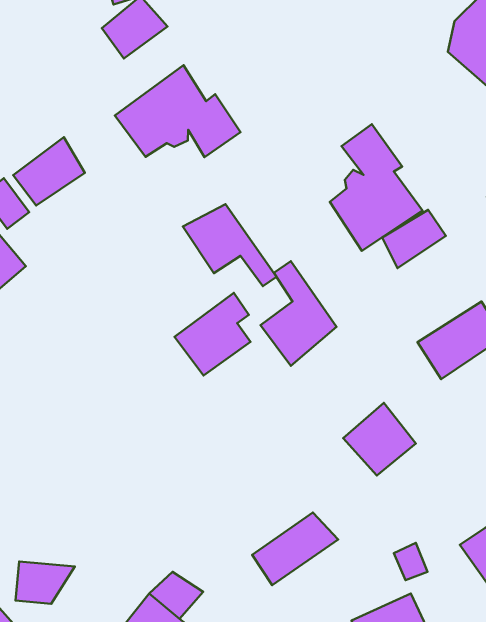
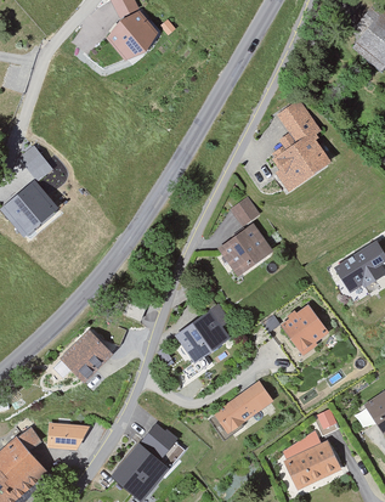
building: [115,65,241,157] -> none
building: [13,137,85,206] -> none
building: [183,204,276,286] -> none
building: [382,210,446,268] -> none
building: [175,293,251,376] -> [175,304,230,363]
building: none -> [57,329,114,382]

